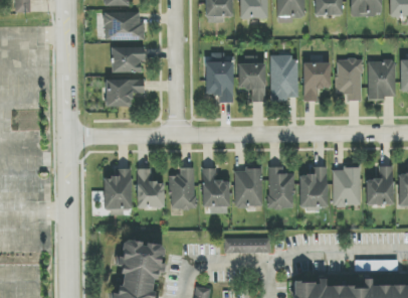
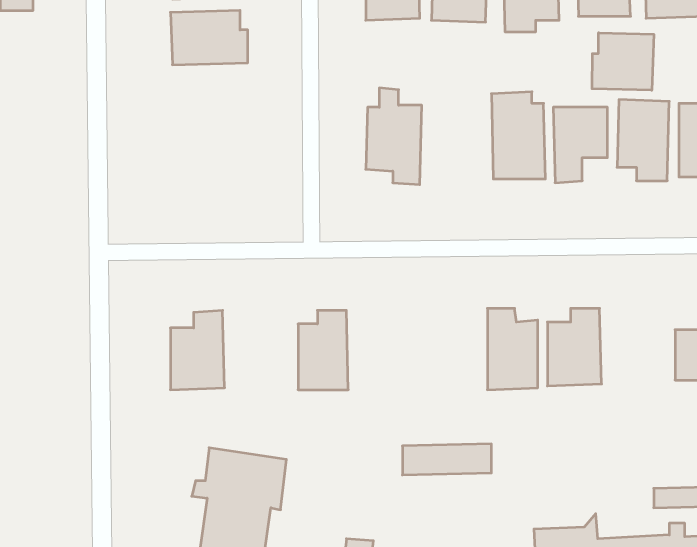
building: none -> [592,33,654,90]
building: [111,46,143,72] -> none
building: [238,62,265,103] -> none
building: [106,80,144,107] -> none
building: [234,165,262,207] -> none
building: [137,168,164,207] -> none
building: [202,168,230,206] -> none
building: [333,168,361,206] -> none

